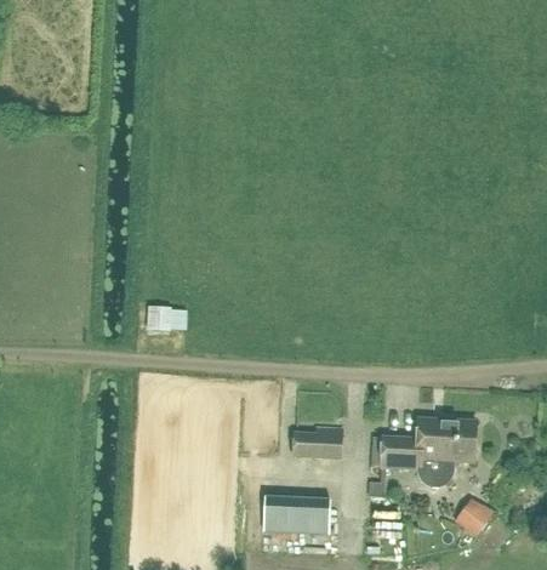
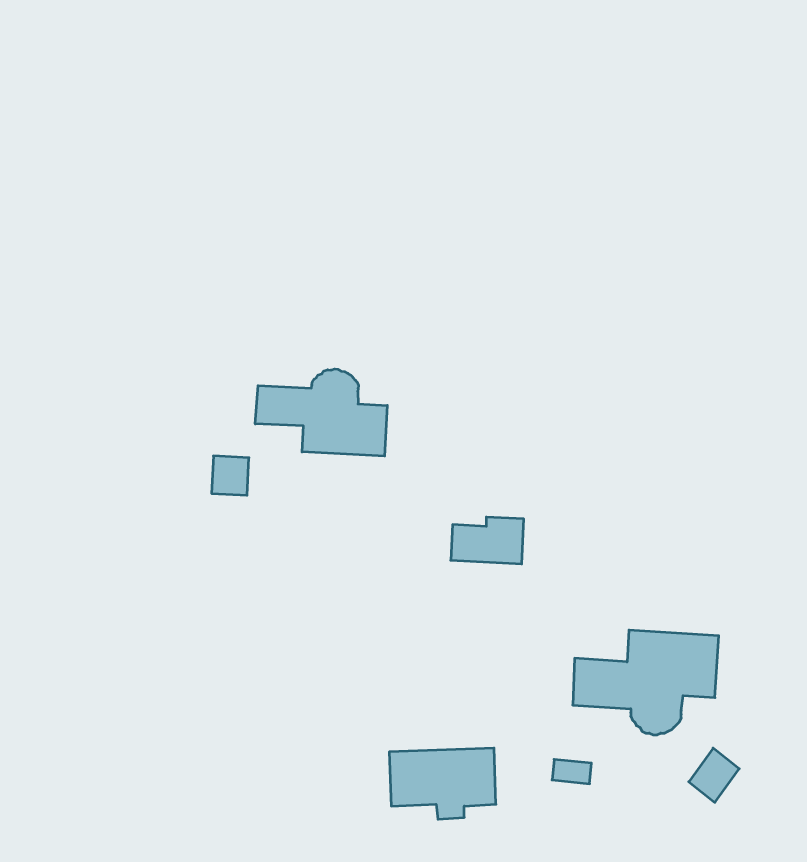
building: none -> [255,369,387,456]
building: [294,428,341,458] -> [451,517,524,564]

